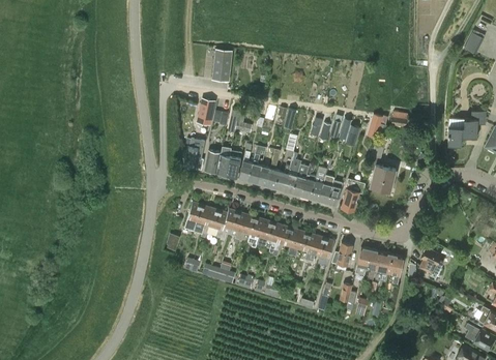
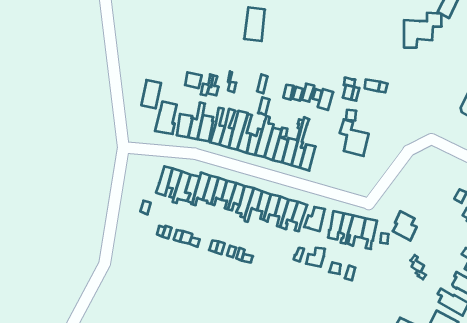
building: [211,50,232,83] -> [244,7,265,41]
building: [196,98,215,126] -> [141,80,161,108]
building: [448,112,486,146] -> [404,13,442,47]
building: [342,173,364,212] -> none

